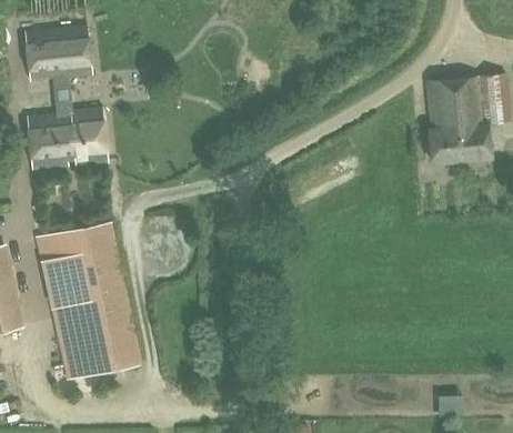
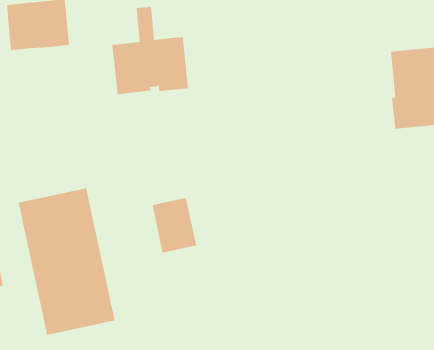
building: [27,75,108,168] -> [111,7,189,95]
building: none -> [152,197,197,253]

